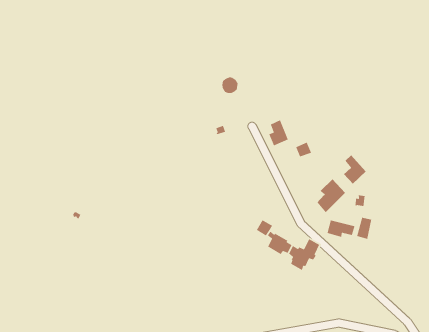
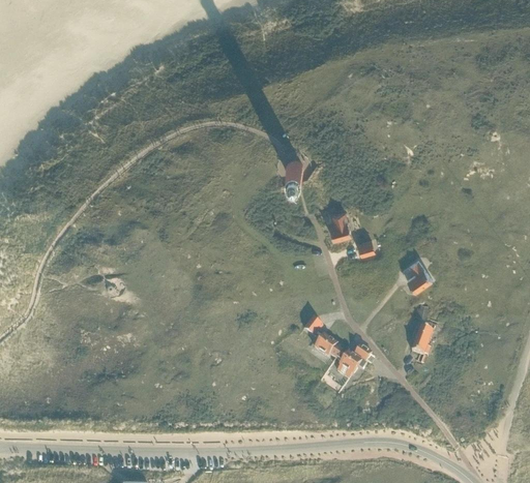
building: [316,179,346,213] -> none
building: [326,220,356,238] -> none

